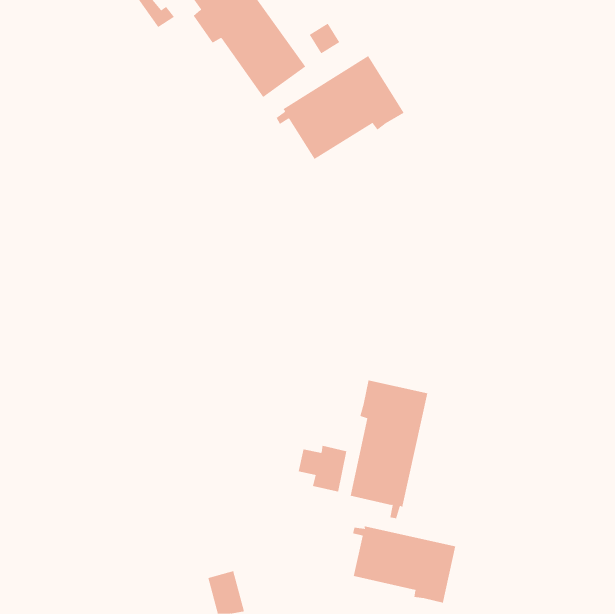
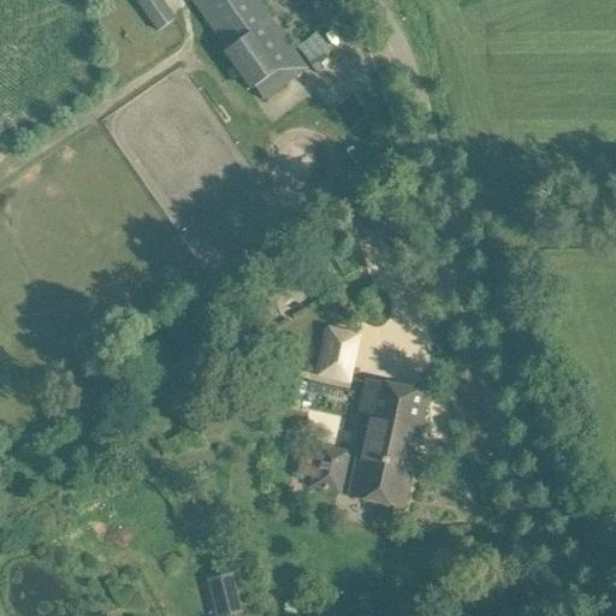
building: [276,55,404,160] -> none
building: none -> [319,328,357,378]
building: [352,526,456,604] -> none

